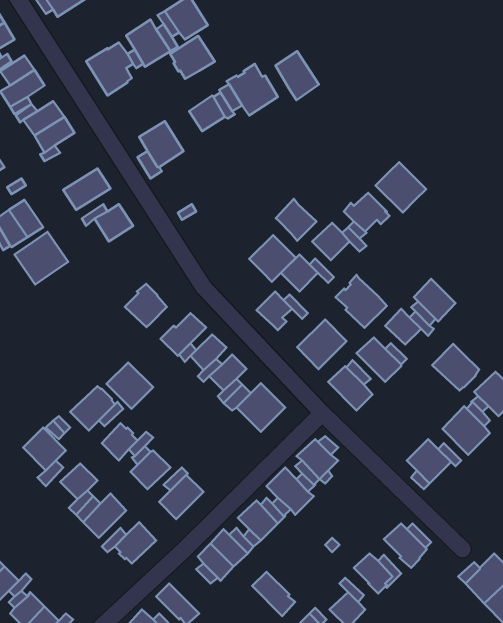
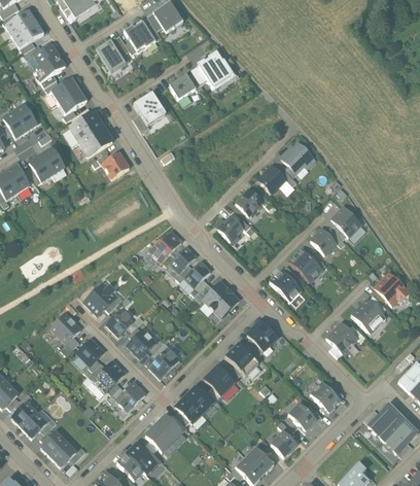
building: [170,36,215,79] -> none
building: [275,51,319,100] -> none
building: none -> [69,111,103,141]
building: [376,162,426,212] -> none
building: [276,199,317,241] -> none
building: [14,232,68,285] -> none
building: [249,235,296,282] -> none
building: [336,275,387,328] -> none
building: [125,284,167,327] -> none
building: [297,319,346,369] -> none
building: [432,344,479,391] -> none
building: [107,362,153,409] -> none
building: [252,572,295,616] -> [154,414,185,446]

